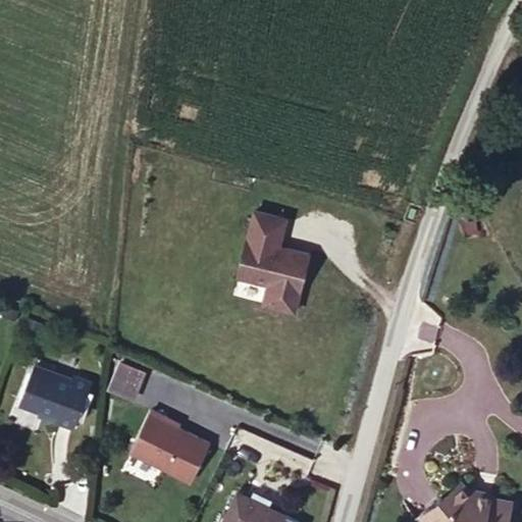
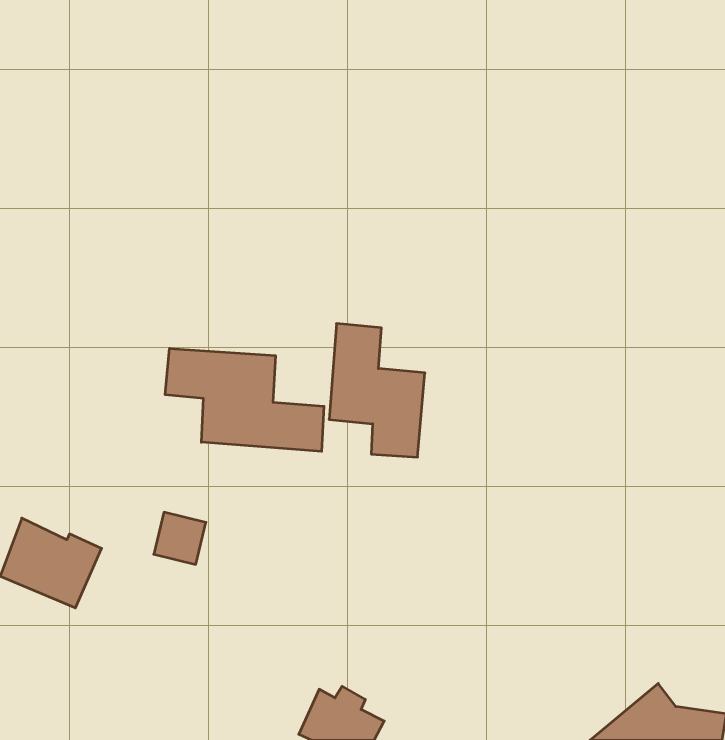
building: none -> [165,348,324,451]
building: [132,414,211,488] -> none

